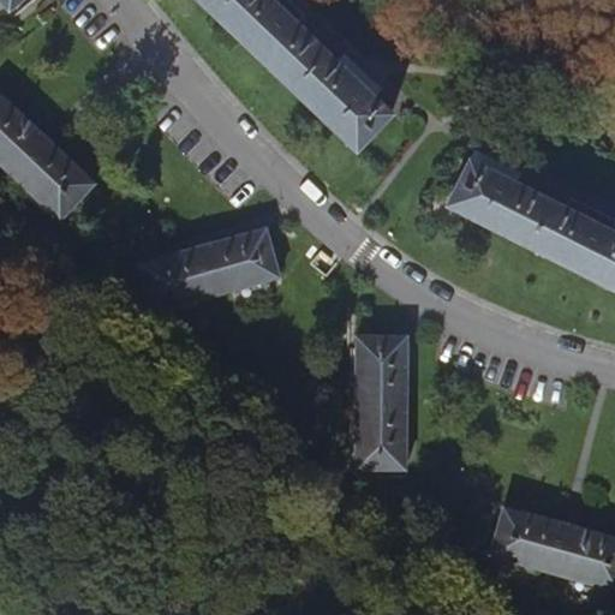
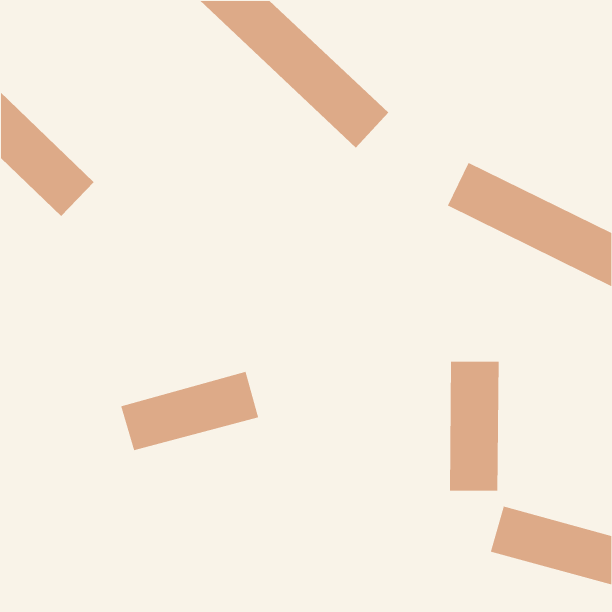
building: [139,229,279,310] -> [120,371,259,451]
building: [356,336,406,467] -> [449,361,499,491]

